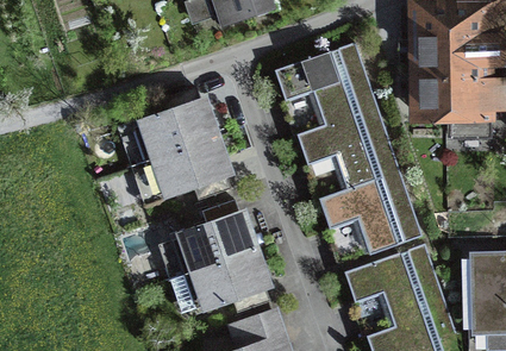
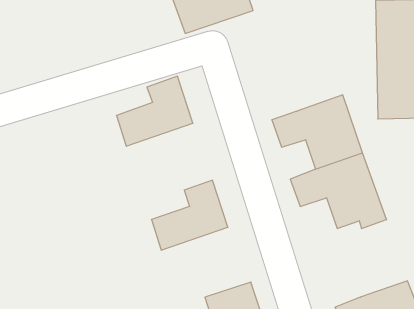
building: [276,40,375,123] -> none
building: [139,136,230,198] -> none
building: [342,240,445,325] -> none
building: [169,249,268,311] -> none

